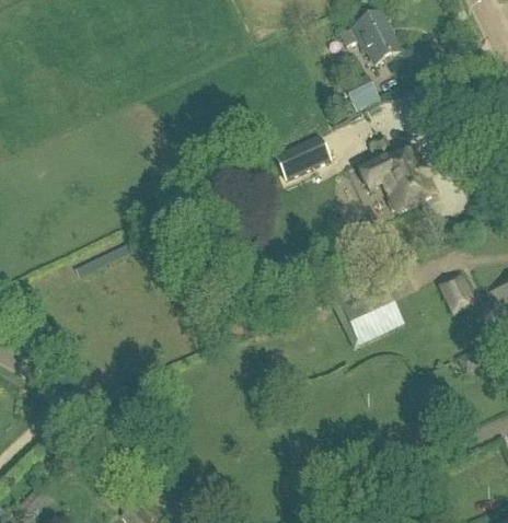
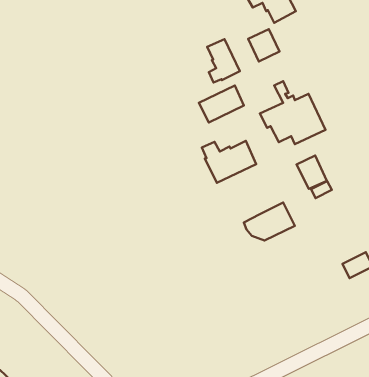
building: none -> [207,39,240,83]
building: none -> [202,141,256,183]
building: [438,271,475,312] -> [296,156,327,189]

